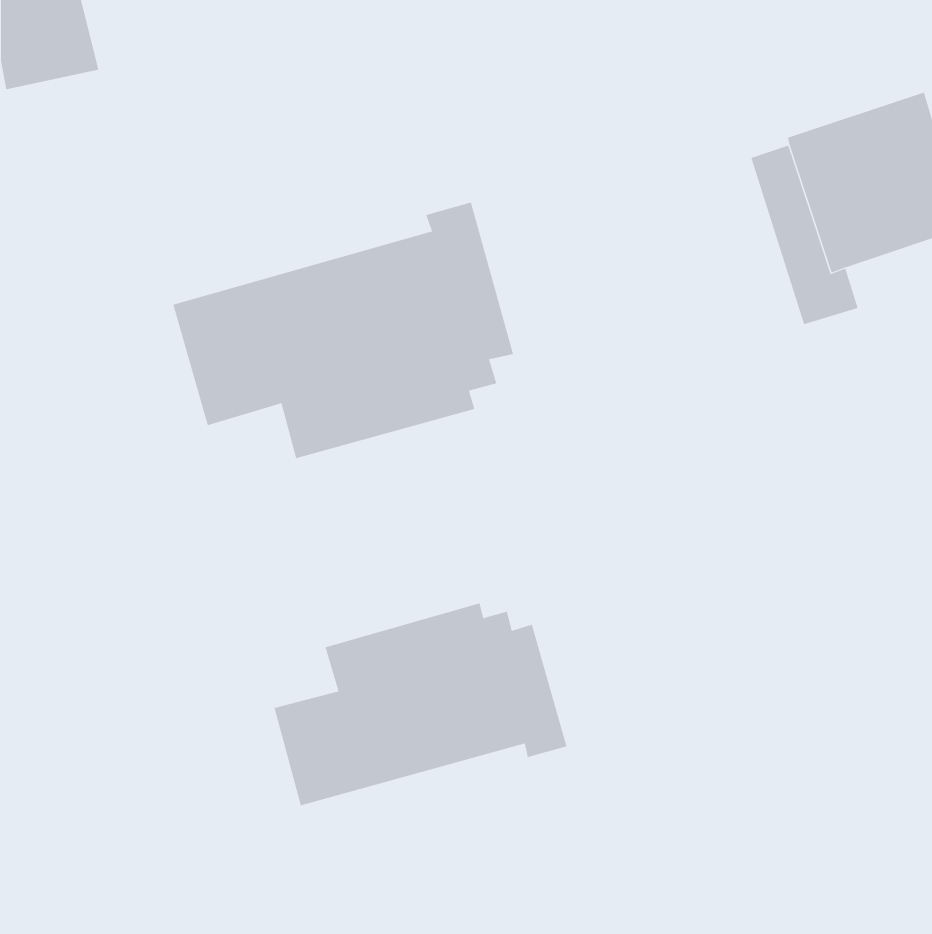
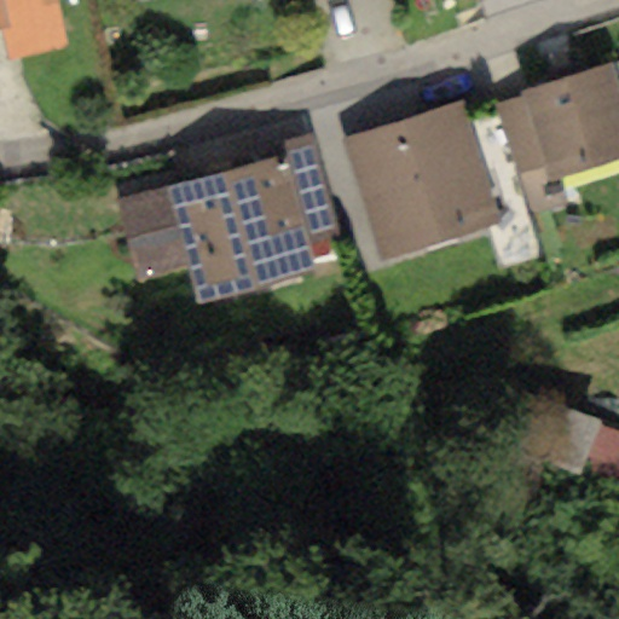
building: none -> [342,100,502,261]
building: [274,603,567,806] -> none

